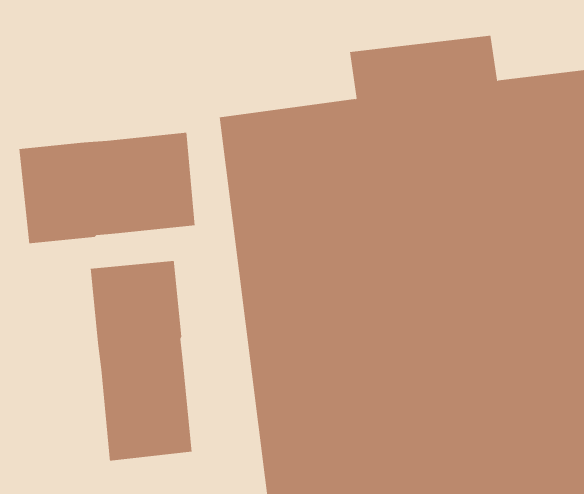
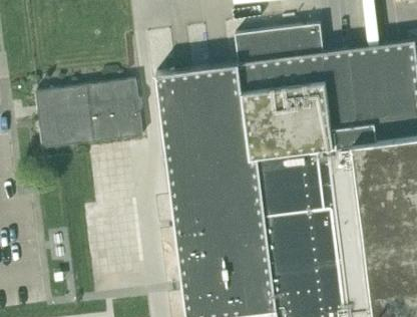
building: [90,260,192,462] -> none

